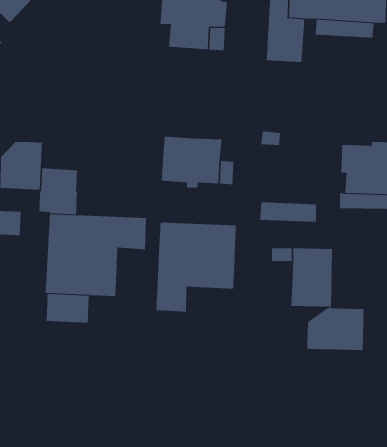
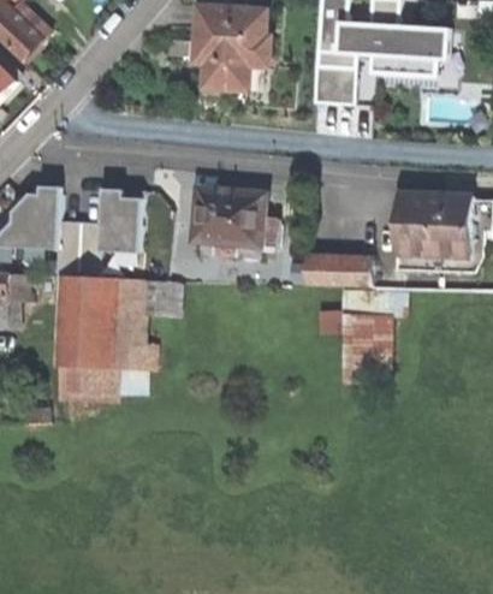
building: none -> [99,195,142,251]
building: [156,222,236,312] -> none
building: [307,307,364,351] -> none

